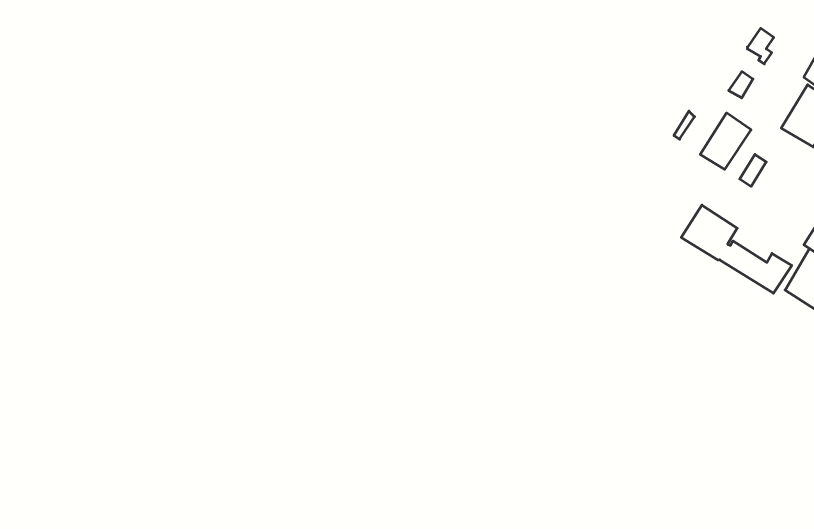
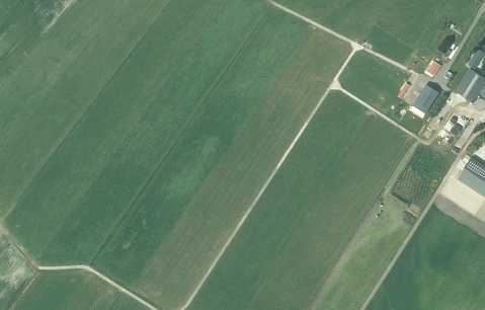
building: [681,205,792,293] -> none

